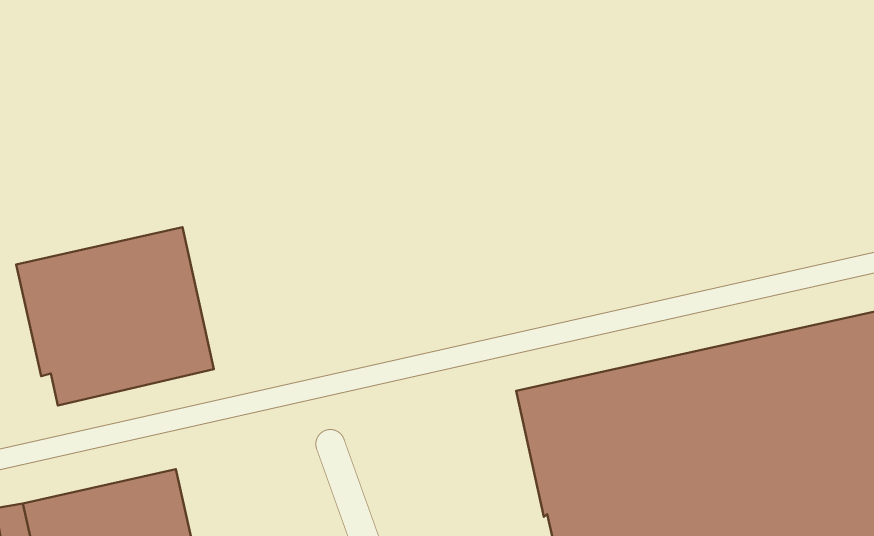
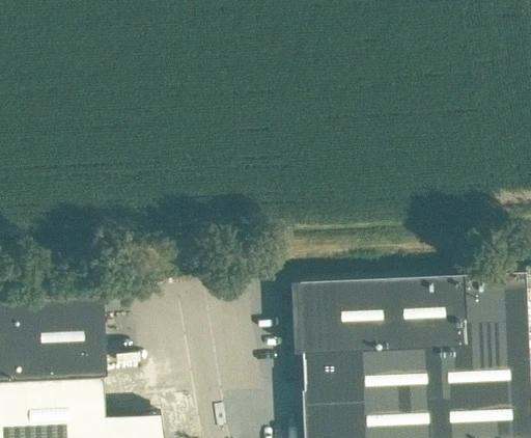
building: [16,227,214,406] -> none

